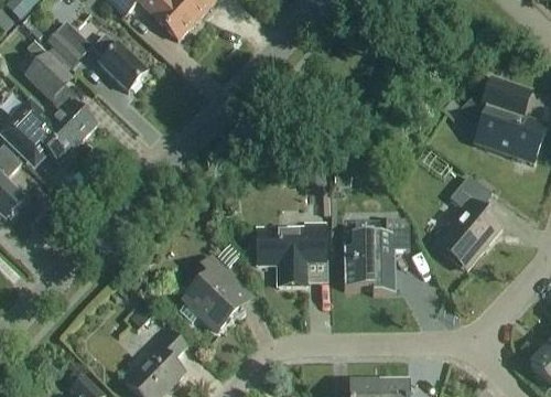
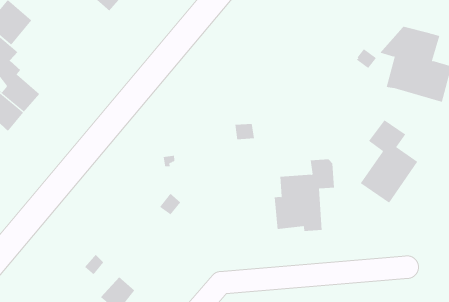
building: [93,32,148,90] -> none
building: [257,221,326,285] -> none
building: [180,254,251,329] -> none

